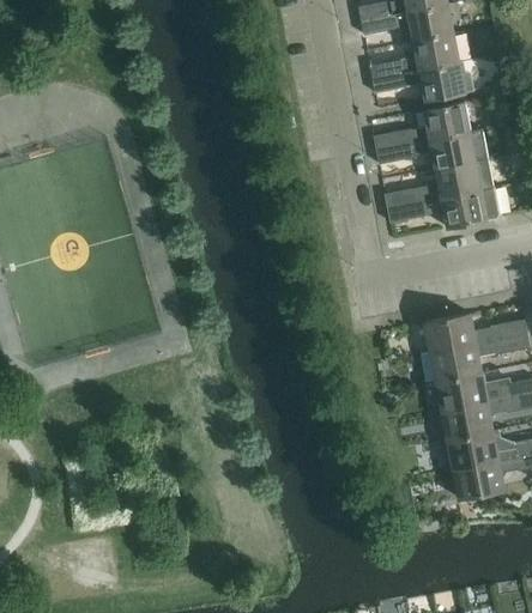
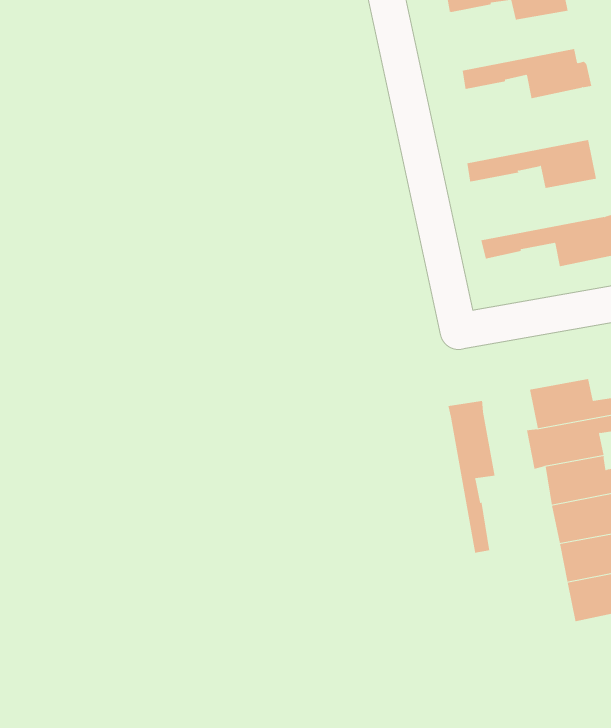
building: [370,34,460,79] -> none
building: [375,102,471,150] -> none
building: [386,162,483,208] -> none
building: none -> [448,400,495,554]

